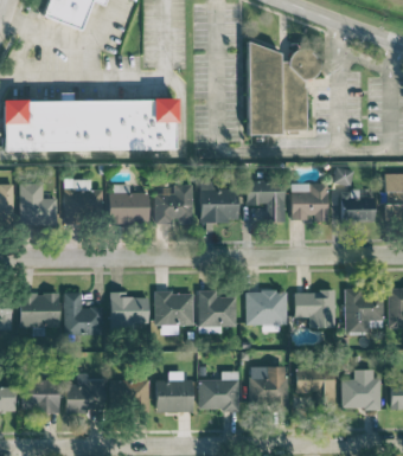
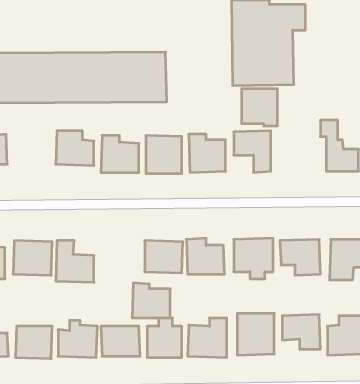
building: [20,182,57,225] -> none
building: [292,184,328,221] -> [242,89,277,126]
building: [110,291,149,327] -> [132,283,170,318]

